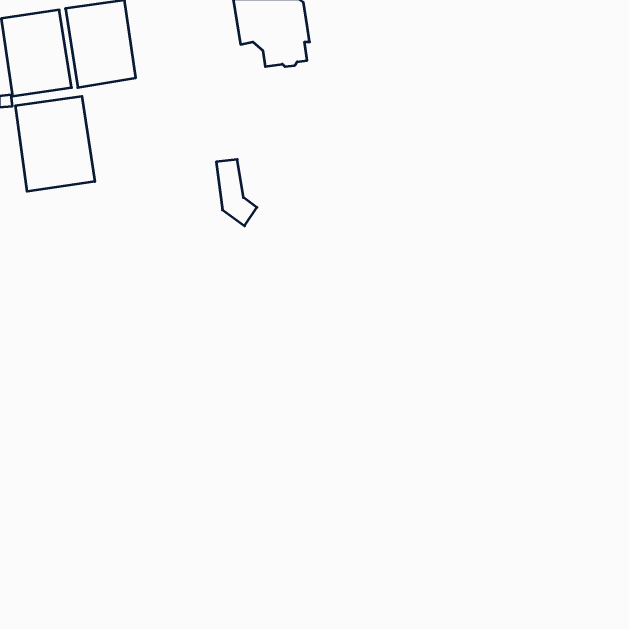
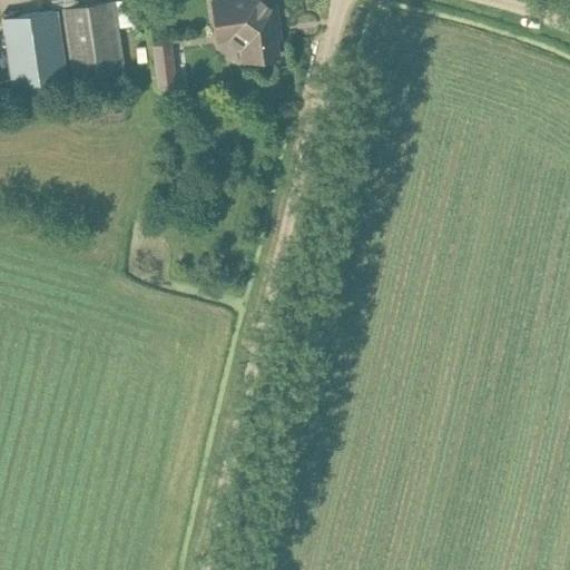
building: [16,96,95,191] -> none
building: [216,159,257,226] -> [150,41,187,101]

